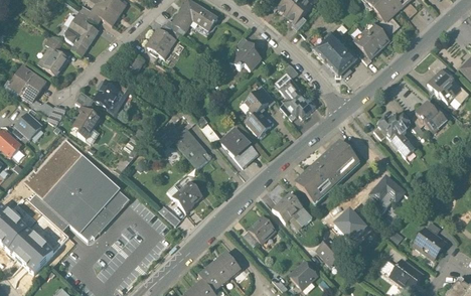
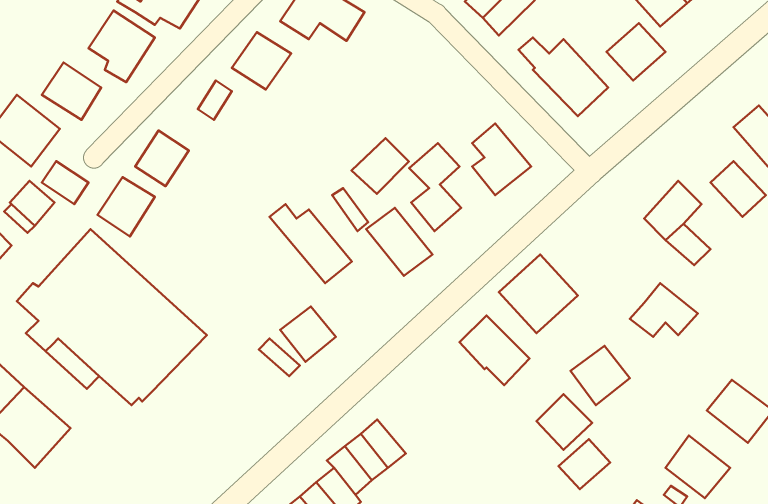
building: [227,39,260,70] -> [352,138,409,194]
building: [317,132,361,176] -> none
building: [244,208,275,240] -> none
building: [289,258,318,286] -> [558,439,610,489]

